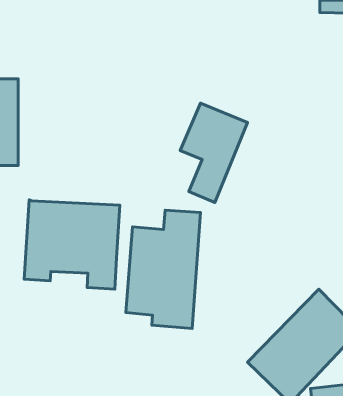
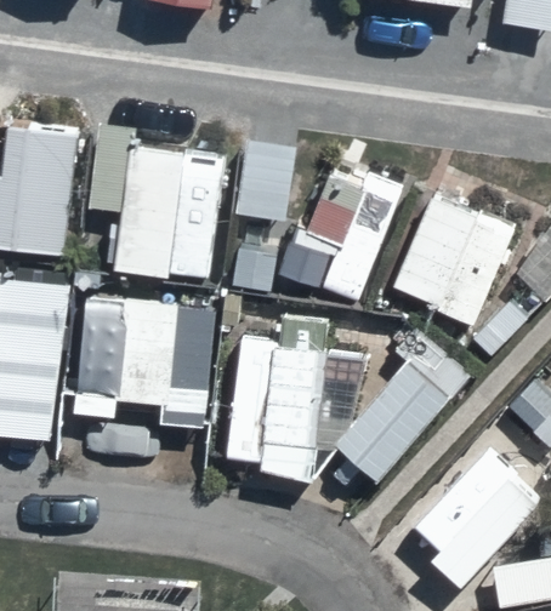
building: none -> [120,144,218,275]
building: none -> [394,198,515,329]
building: none -> [335,329,470,481]

